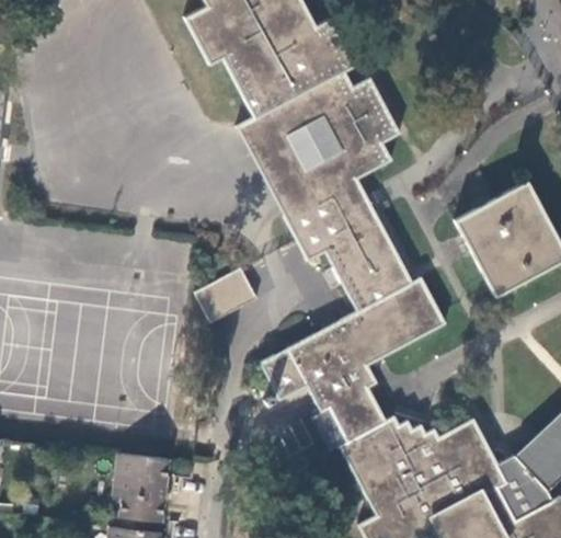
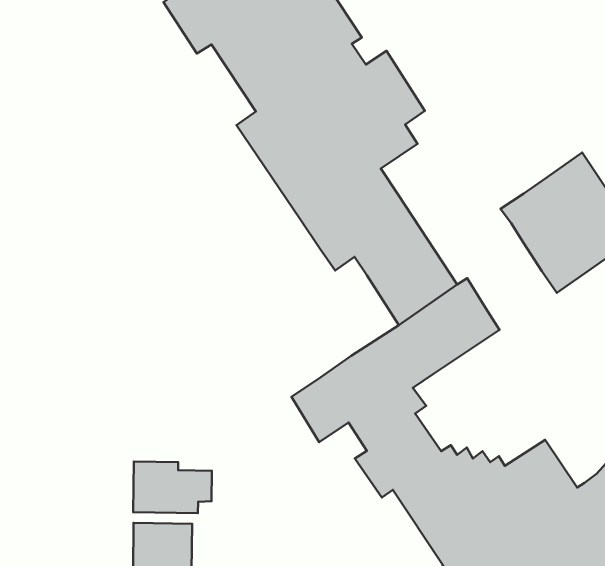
building: [196,266,259,322] -> none
building: none -> [133,462,212,513]

